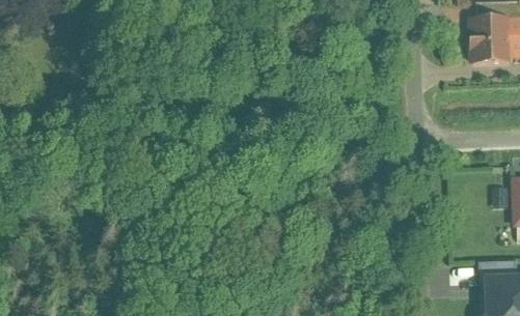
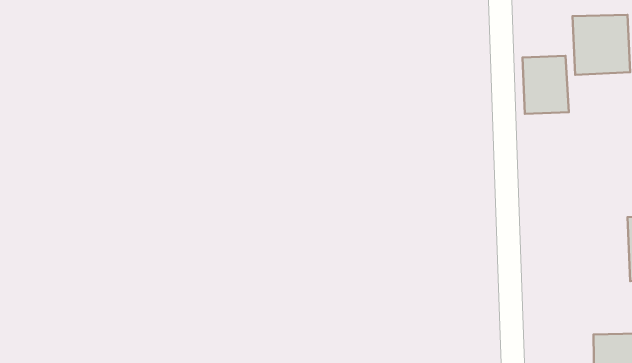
building: none -> [522,56,569,114]

